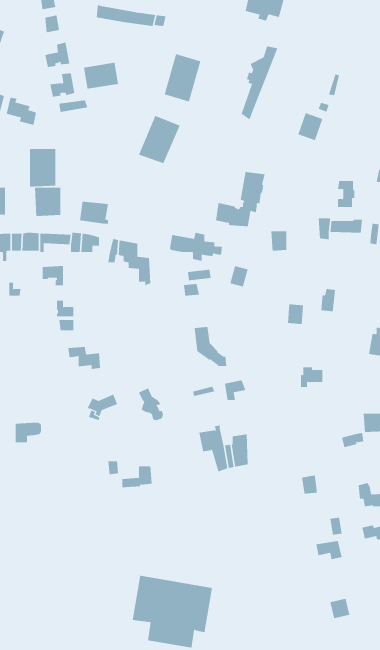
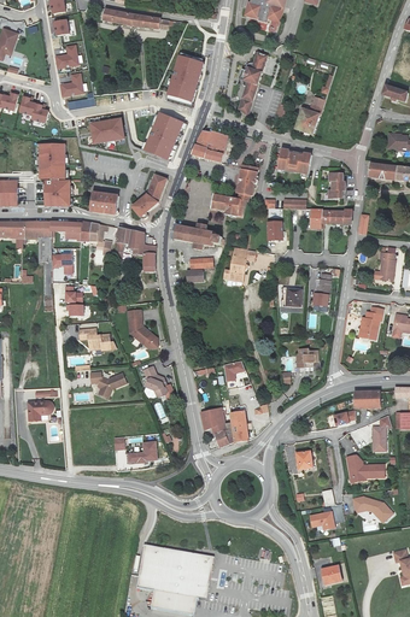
building: [83,62,119,89] -> [90,117,124,142]
building: none -> [193,133,227,163]
building: none -> [277,147,311,172]
building: none -> [130,175,165,219]
building: [194,327,227,366] -> [127,312,158,349]

